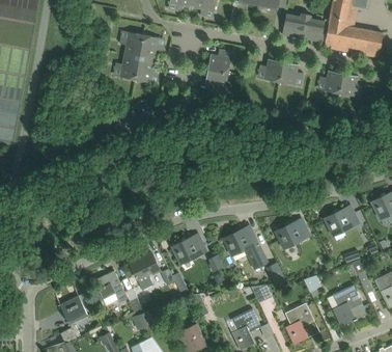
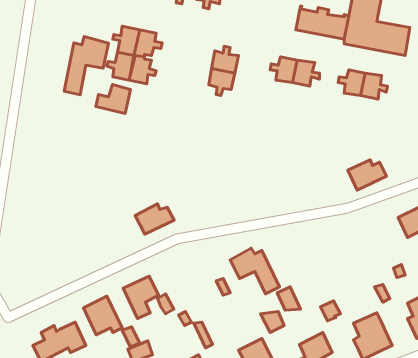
building: none -> [64,37,109,95]
building: none -> [96,85,131,113]
building: [325,208,359,235] -> [348,160,387,190]
building: [276,221,310,248] -> none
building: [172,236,206,263] -> [135,204,174,234]

